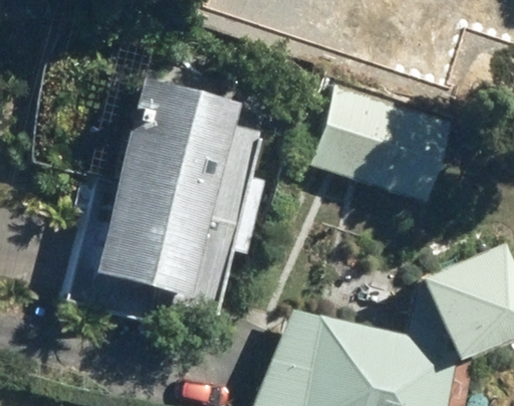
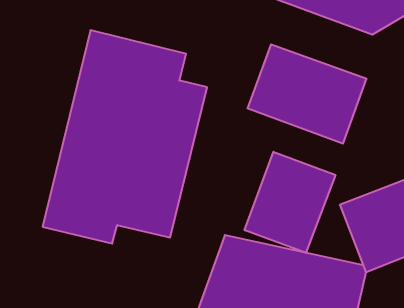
building: none -> [245,152,335,253]

